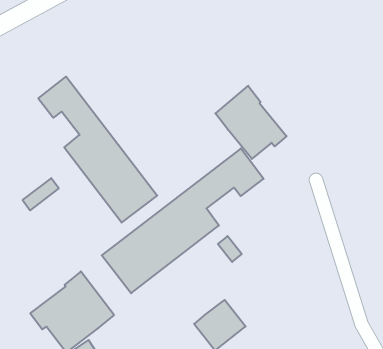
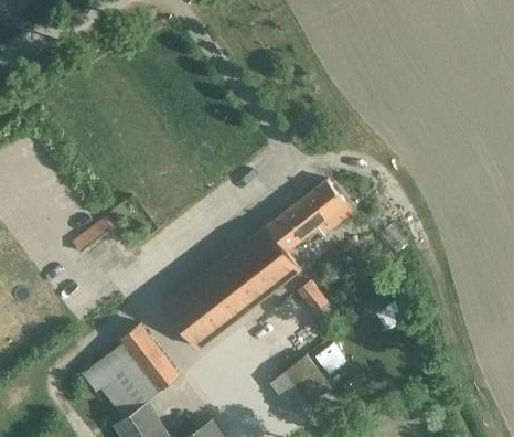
building: [38,77,157,223] -> none
building: [215,86,287,159] -> none

